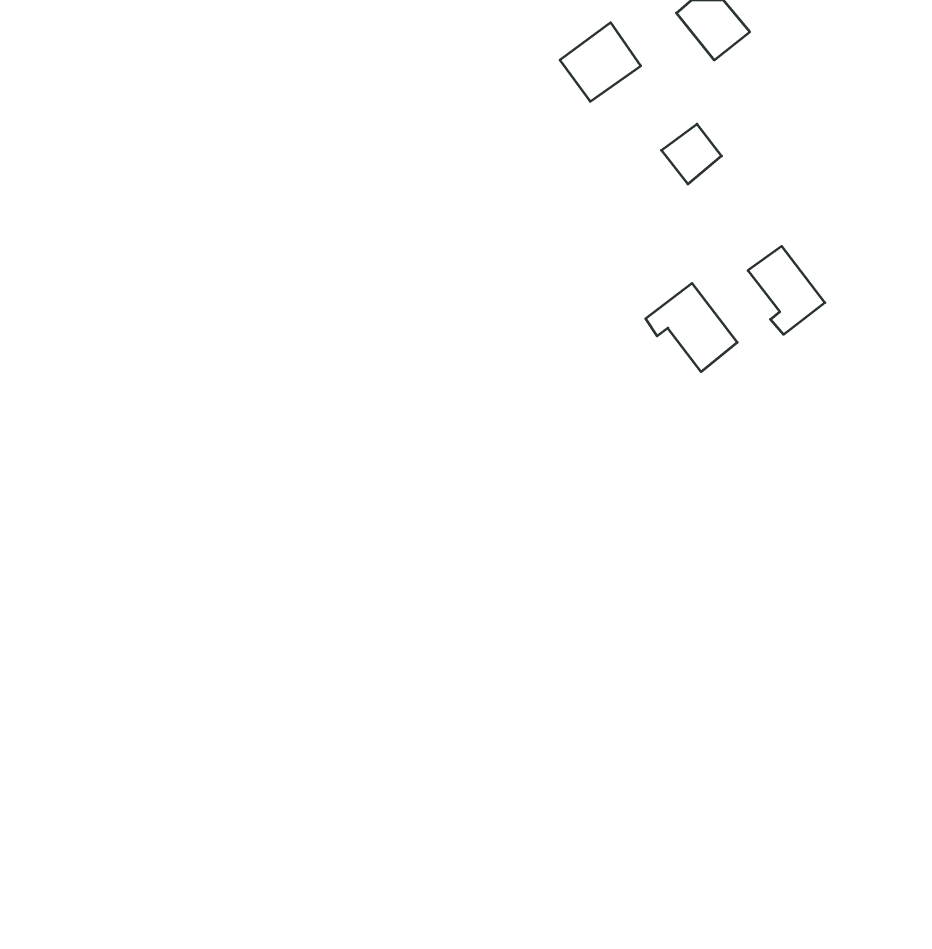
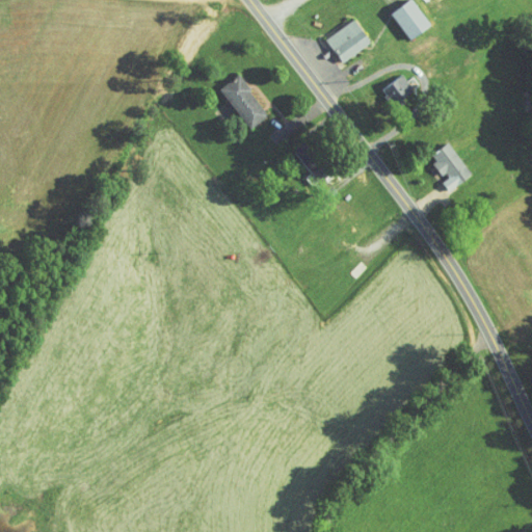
building: none -> [219,75,268,129]
building: [646,283,737,372] -> none

